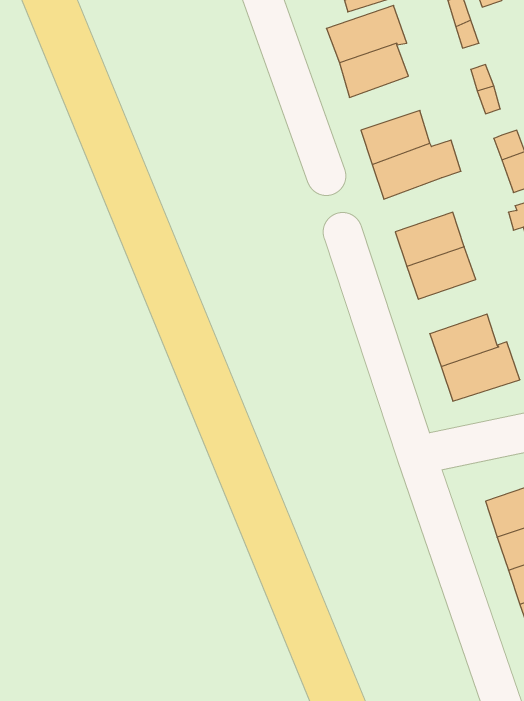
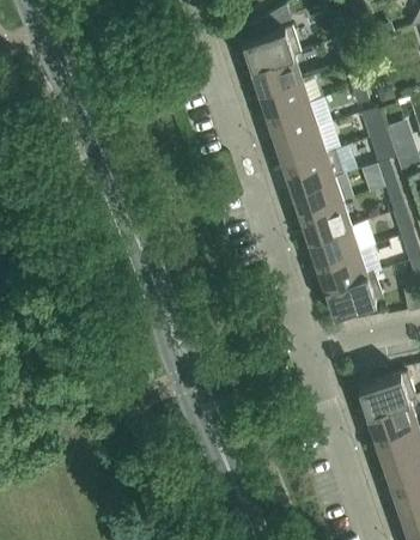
building: none -> [258,78,310,117]
building: none -> [284,152,334,192]
building: none -> [309,226,359,266]

